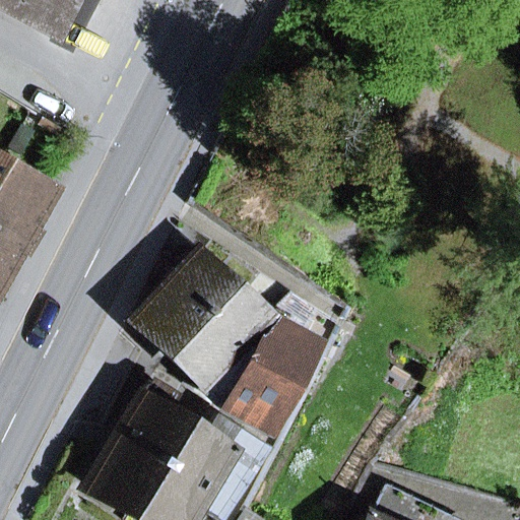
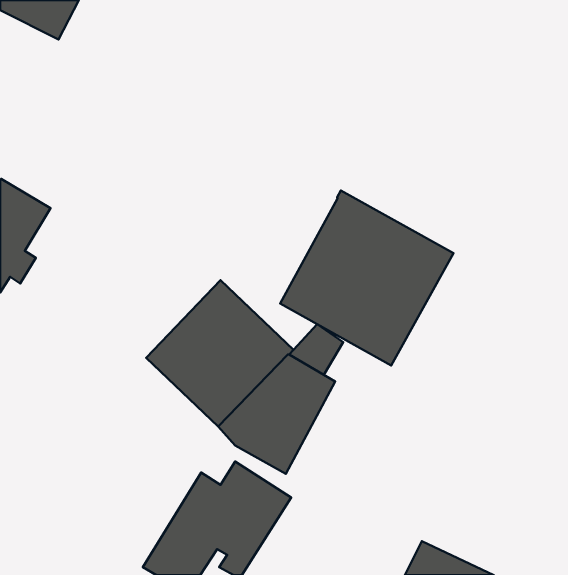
building: none -> [280,190,453,365]
building: [90,382,188,512] -> none

